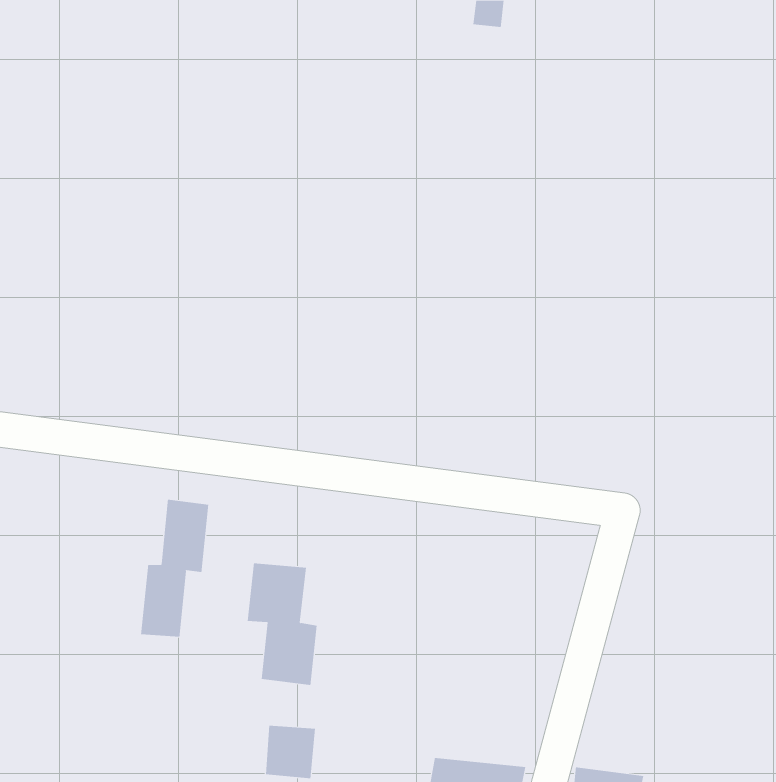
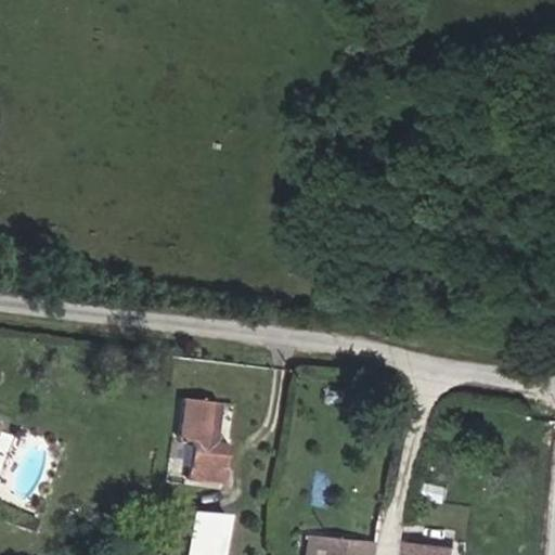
building: [141,499,209,638] -> none

